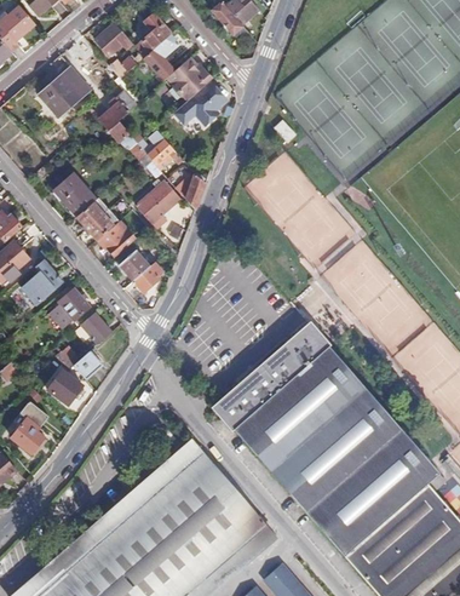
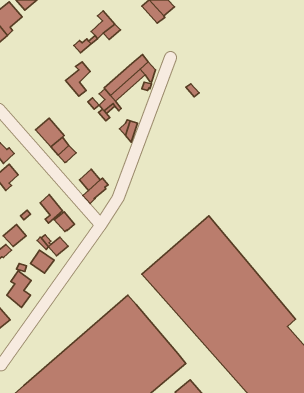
building: [94,23,133,57] -> none
building: [165,57,212,94] -> none
building: [39,67,91,118] -> none
building: [134,182,179,225] -> none
building: [99,227,136,258] -> none
building: [21,273,54,305] -> [3,225,26,247]

